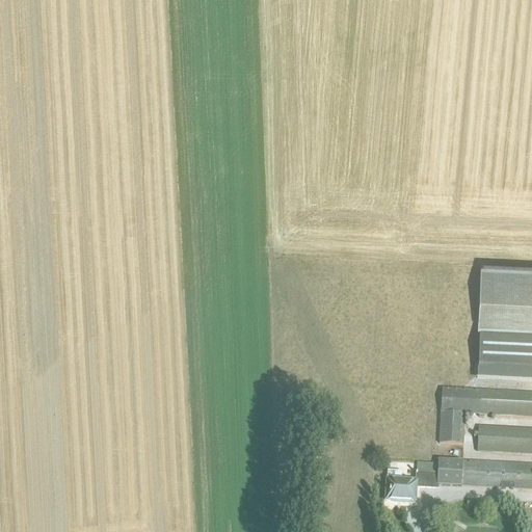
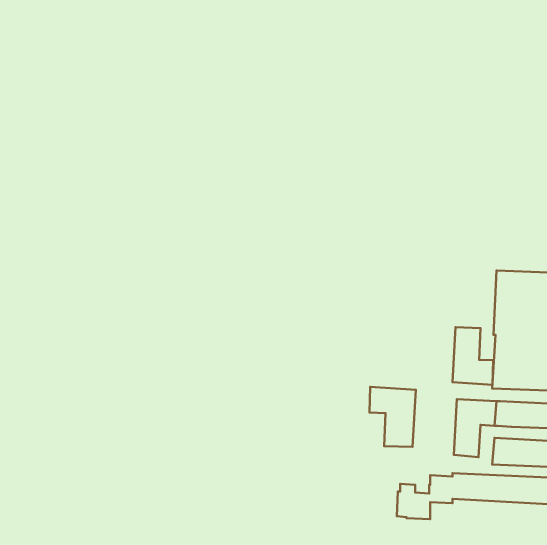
building: none -> [452,327,493,385]
building: none -> [370,387,416,447]

